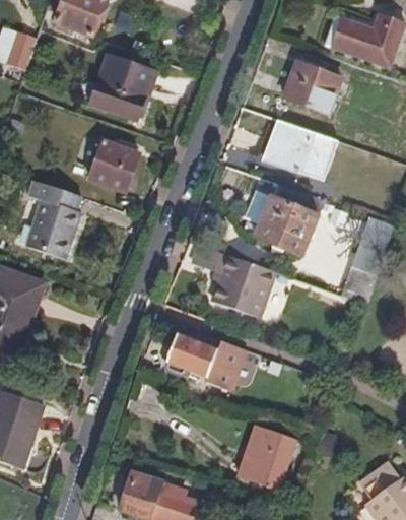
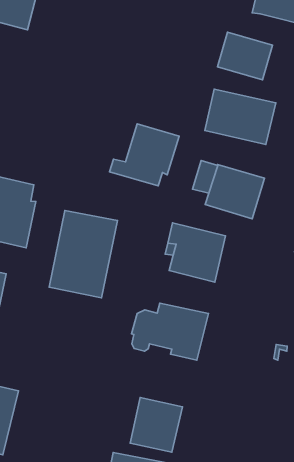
building: [89,56,154,123] -> none
building: [89,140,139,191] -> none
building: none -> [110,124,179,186]
building: none -> [49,211,117,298]
building: [235,428,293,488] -> [130,398,183,452]

